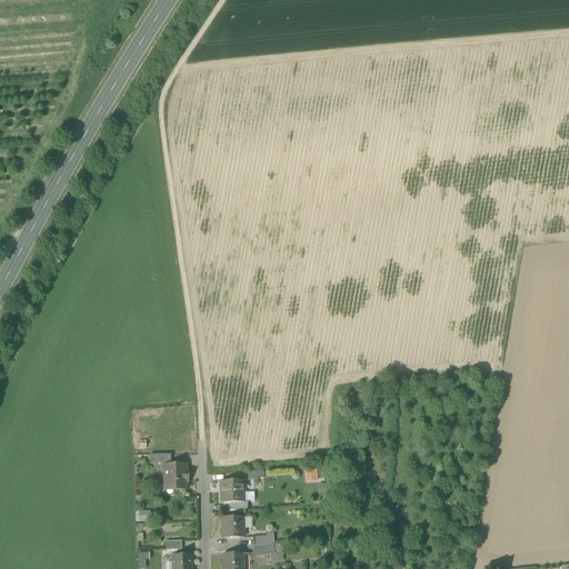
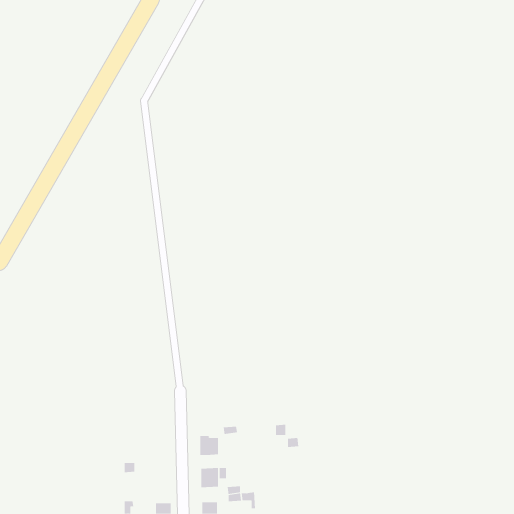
building: [163,465,186,489] -> none

